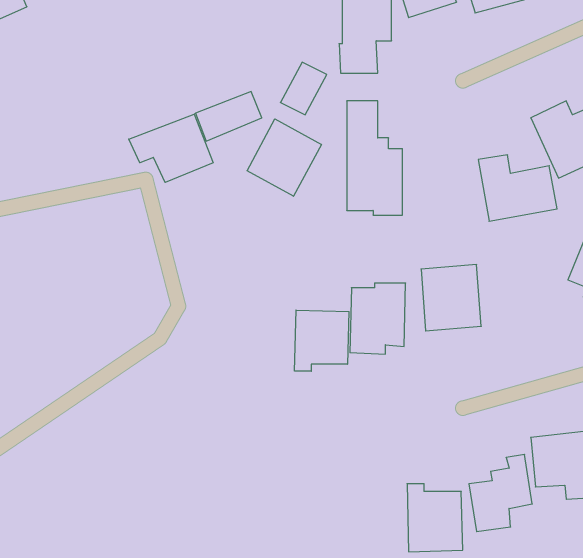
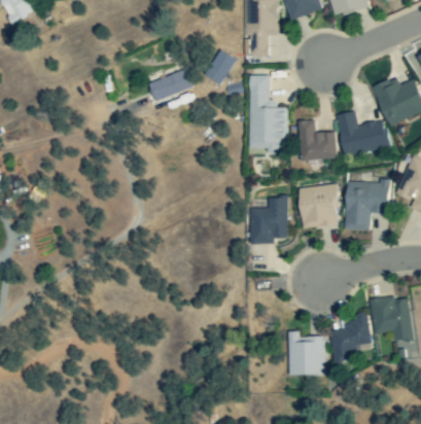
building: [129,114,213,182] -> none
building: [247,119,321,196] -> none
building: none -> [299,117,338,161]
building: none -> [345,179,389,229]
building: [295,310,349,371] -> none

